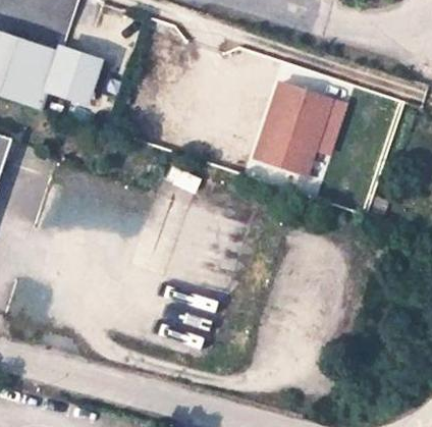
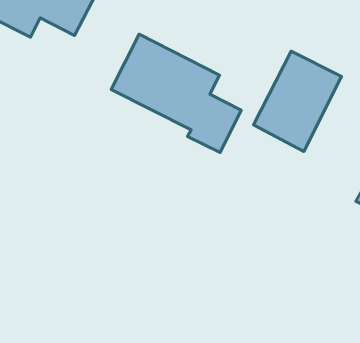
building: none -> [111,34,241,153]

